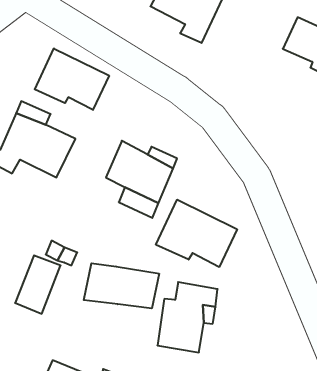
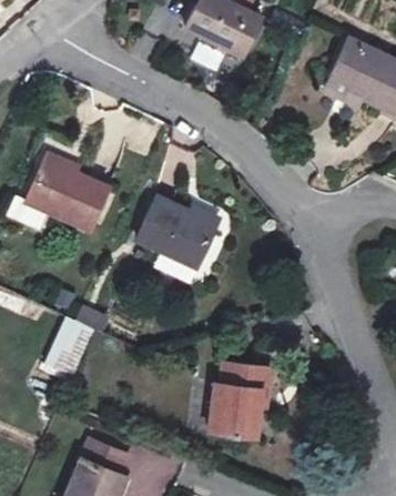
building: [35,48,109,110] -> none
building: [156,200,237,267] -> none
building: [84,263,159,308] -> none

